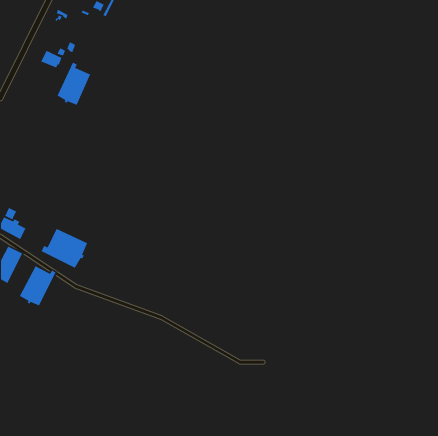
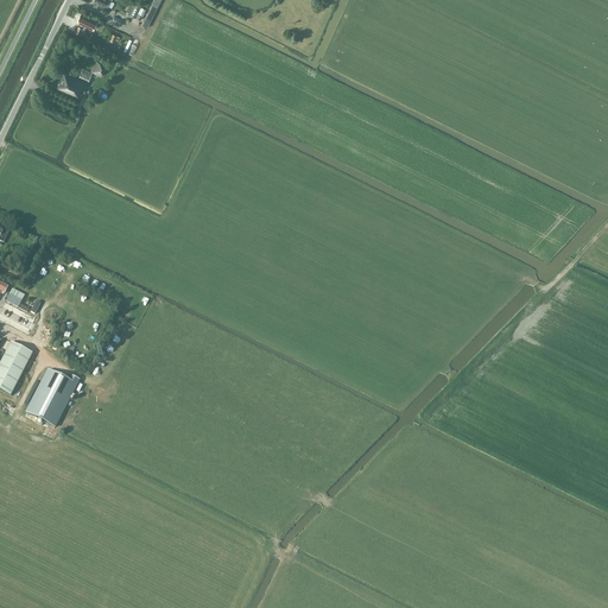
building: [56,62,91,106] -> none
building: [41,228,88,269] -> none

